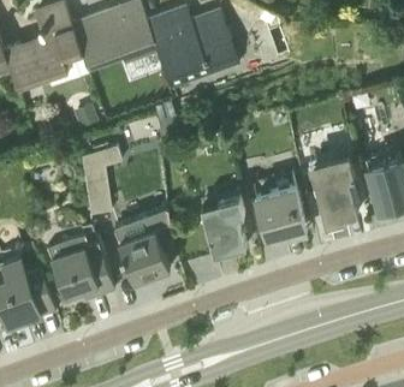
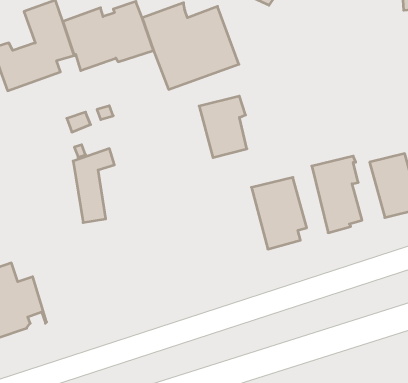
building: [198,196,244,255] -> [199,96,247,158]
building: [112,208,171,282] -> none
building: [46,234,113,300] -> none

